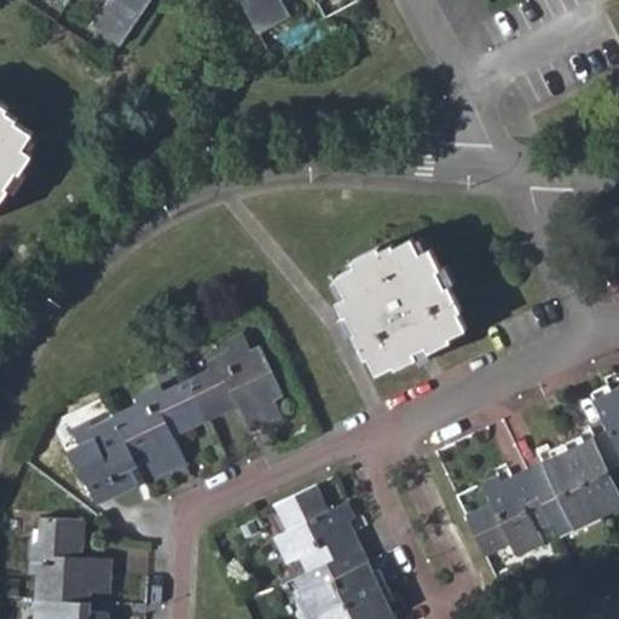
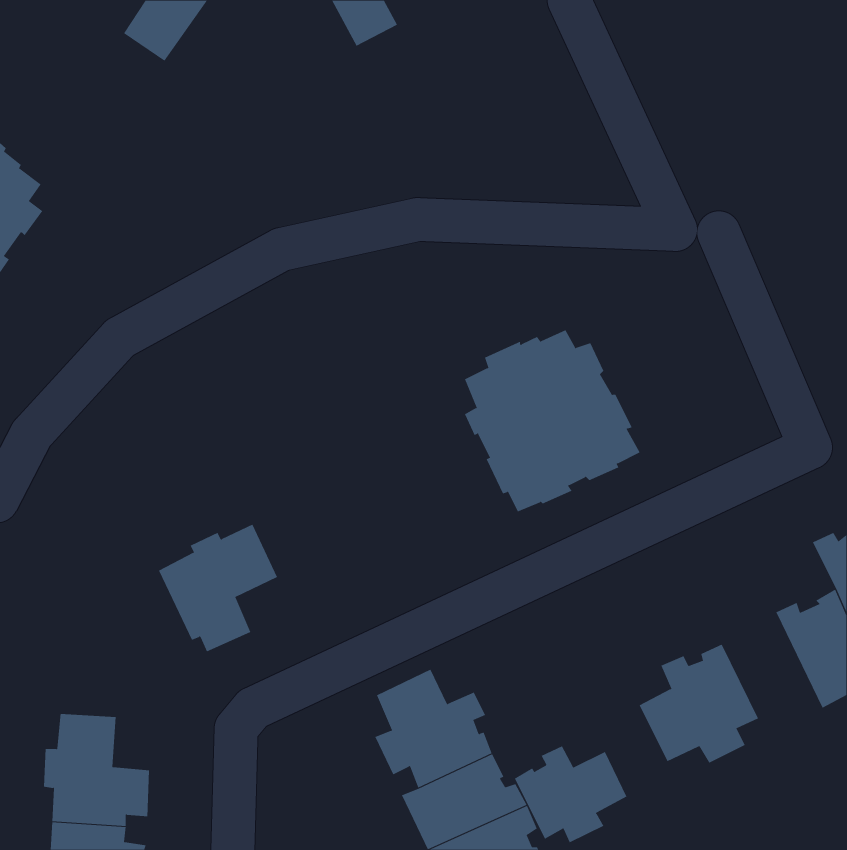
building: [184,336,280,428] -> none
building: [70,415,139,501] -> none
building: [525,445,597,534] -> none
building: none -> [514,745,627,843]

